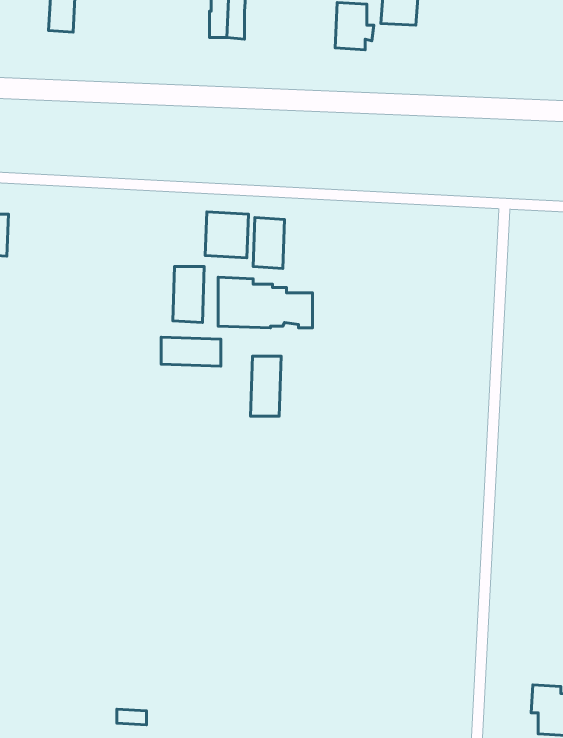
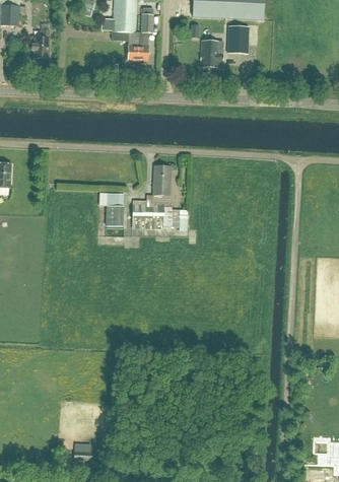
building: [205,212,248,258] -> none
building: [161,337,221,366] -> none
building: [250,356,281,416] -> none

